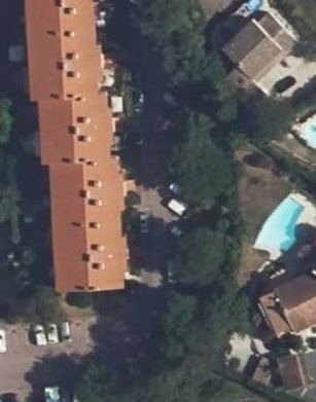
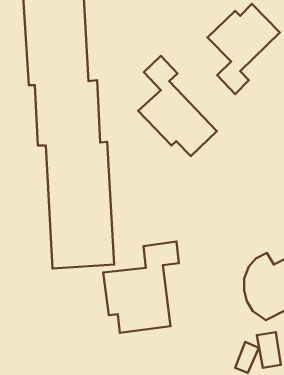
building: none -> [138,56,217,156]
building: none -> [103,242,179,333]

